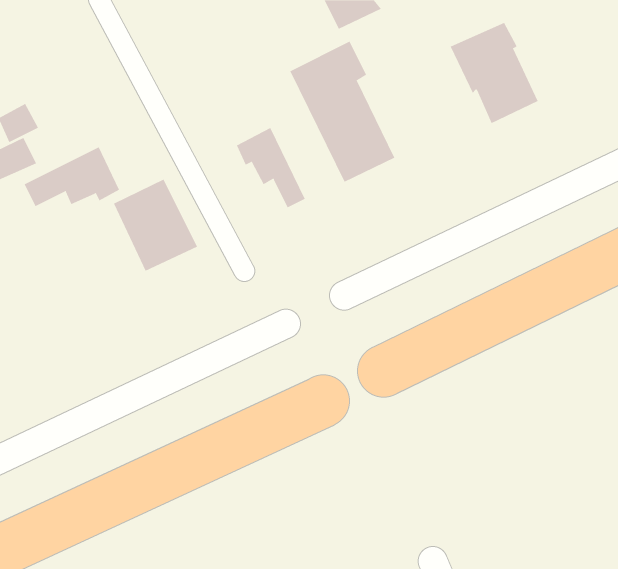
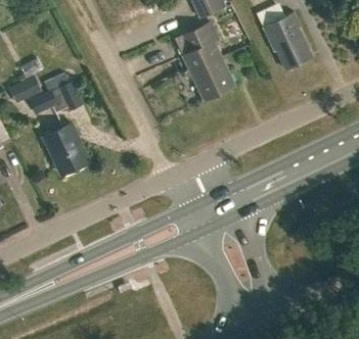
building: [236,127,306,208] -> none
building: [113,179,198,271] -> [43,124,89,174]

